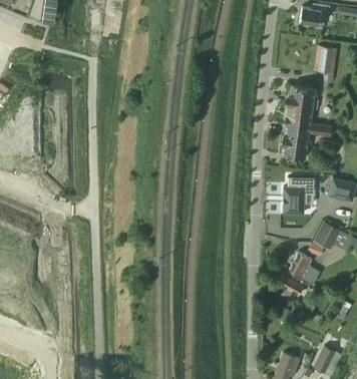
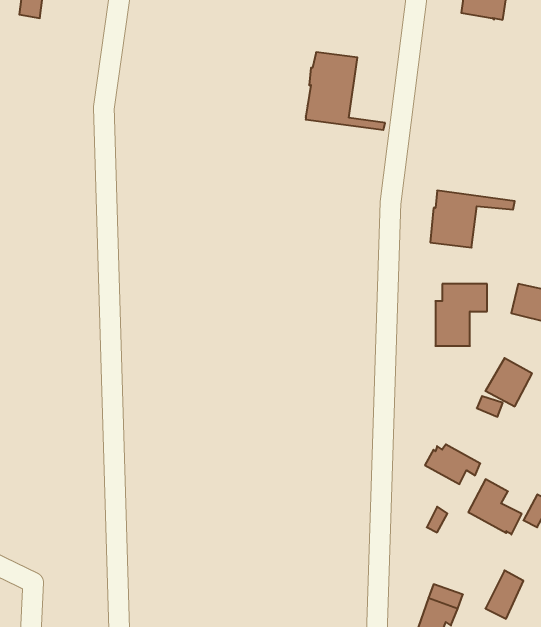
building: [314,46,336,78] -> none
building: [285,85,331,130] -> [306,52,385,130]
building: [288,252,319,284] -> [468,479,522,535]

